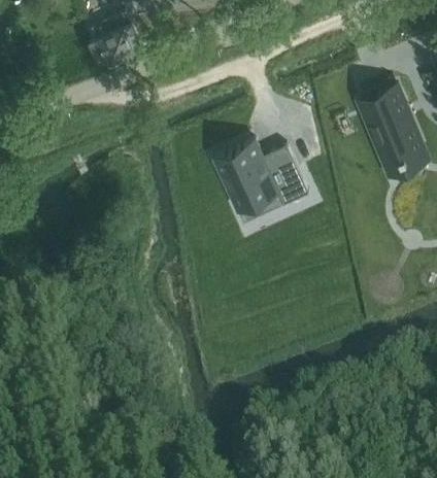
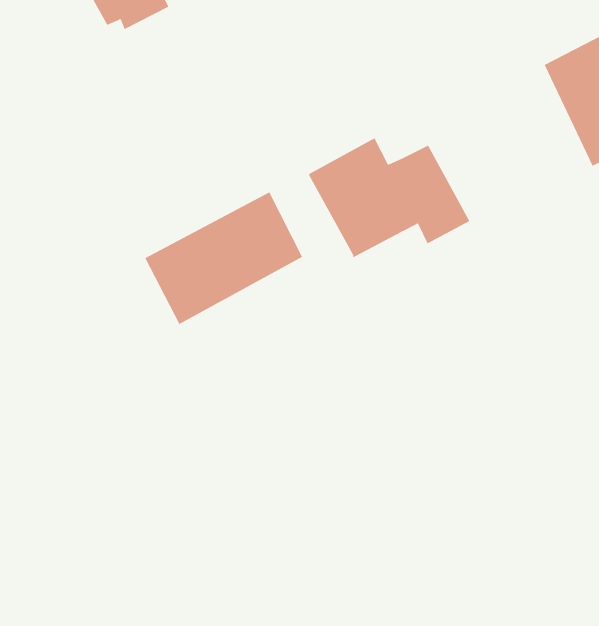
building: none -> [144,191,303,325]

